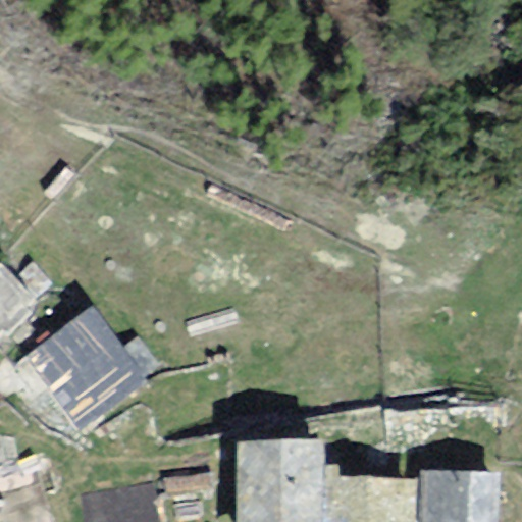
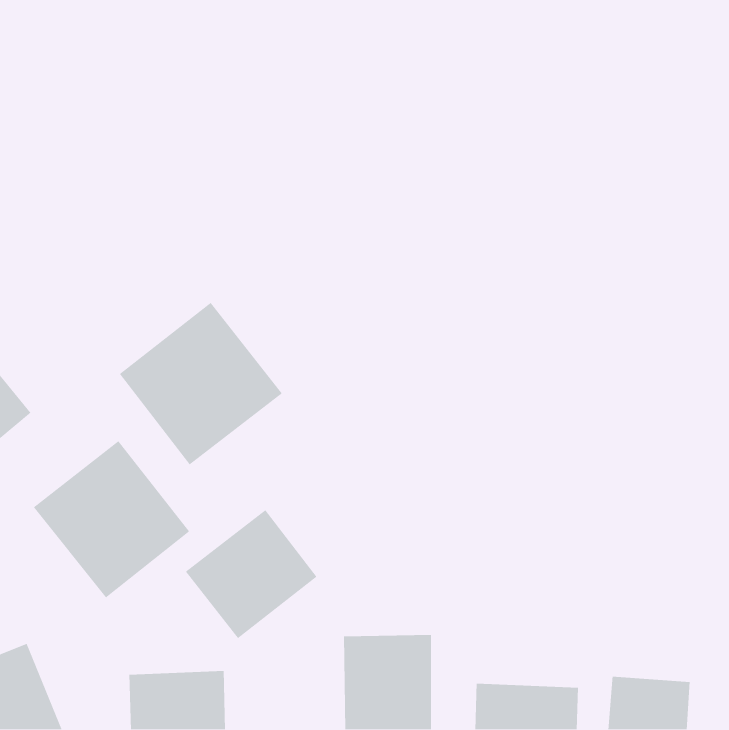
building: none -> [119,302,283,465]
building: none -> [185,509,317,639]

